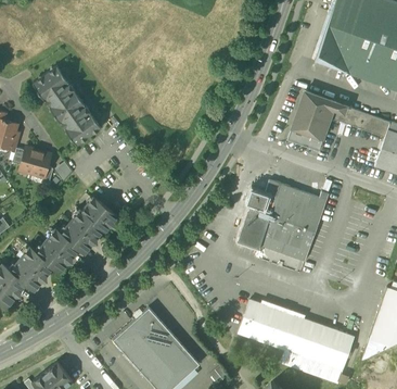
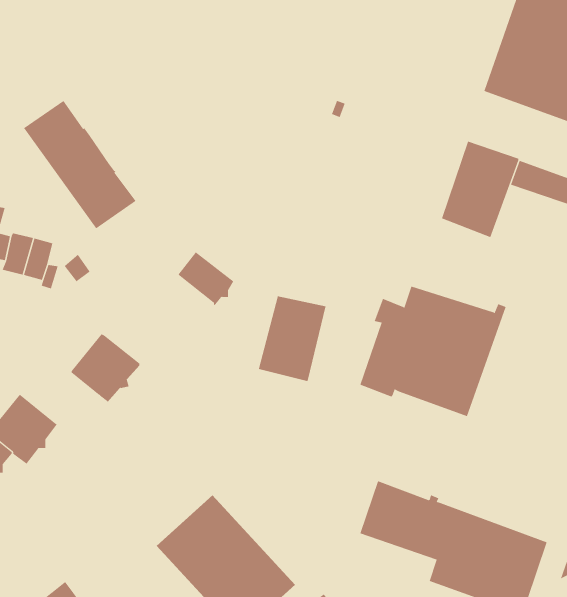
building: none -> [258,295,326,382]
building: [82,197,117,230] -> [178,251,234,306]
building: [37,228,79,272] -> none

